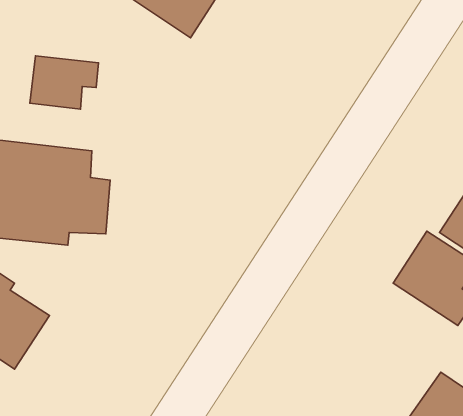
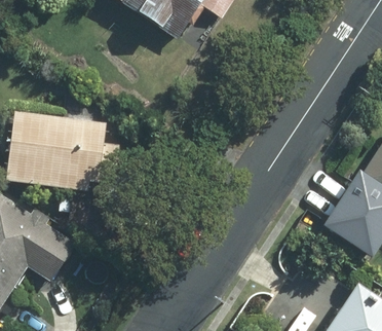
building: [30,56,98,109] -> none

